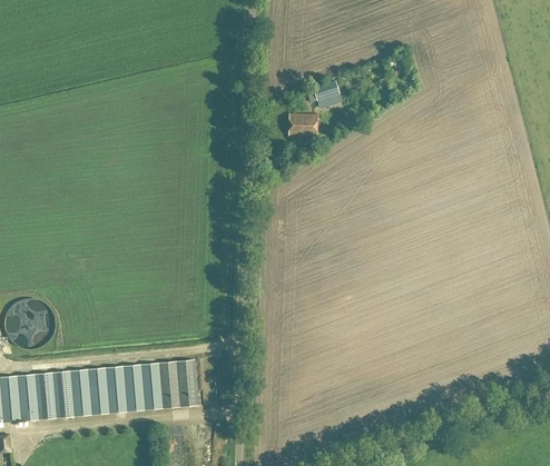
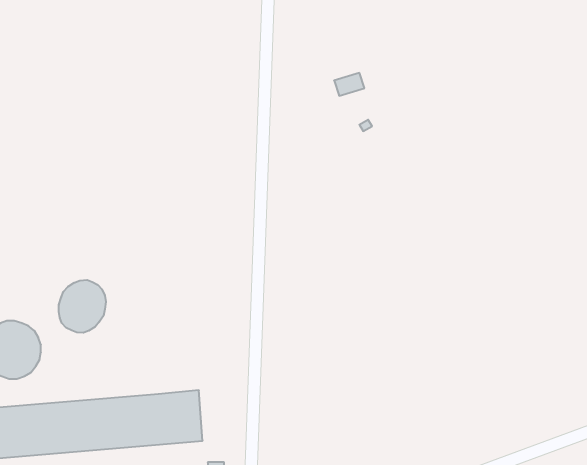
building: [287,113,316,136] -> none
building: none -> [59,280,106,333]

